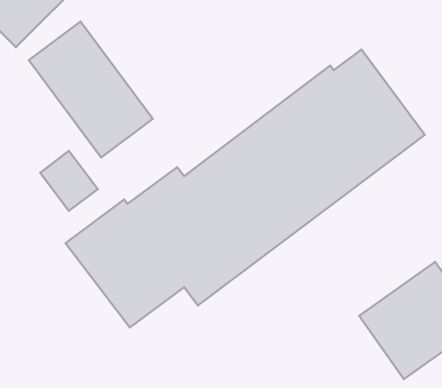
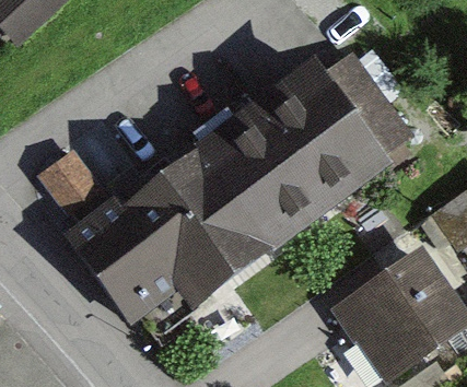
building: [29,21,153,158] -> none

